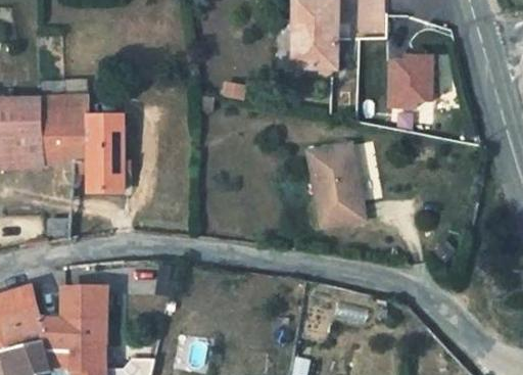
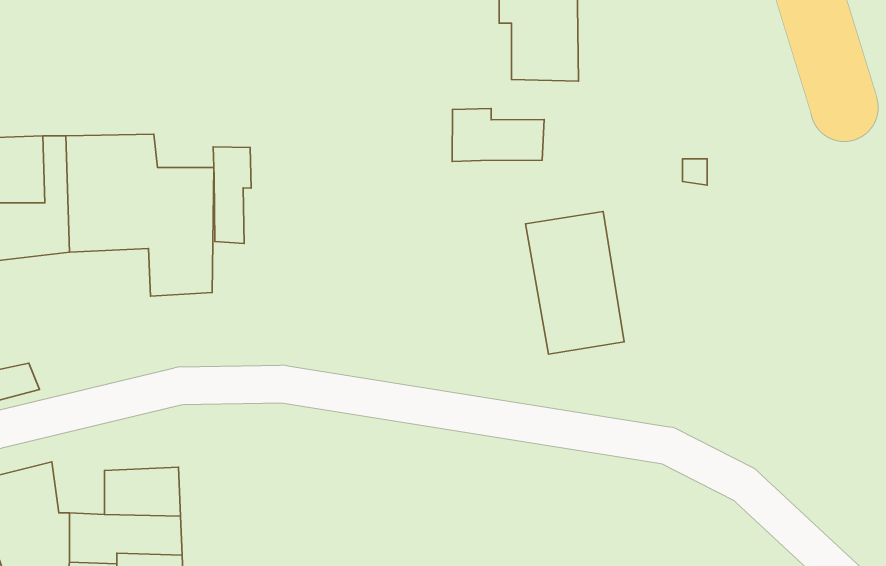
building: [389,53,429,102] -> none
building: none -> [452,109,544,161]
building: none -> [213,147,251,244]

